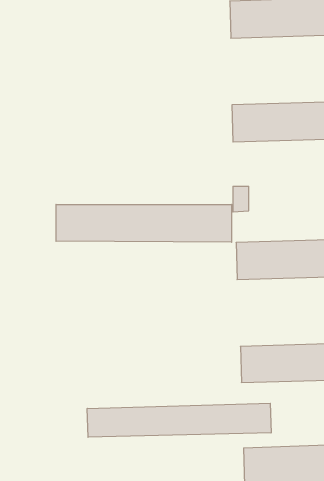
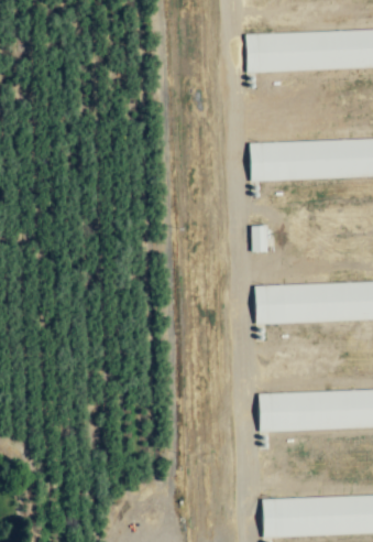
building: [56,204,232,242] -> none
building: [87,403,271,437] -> none

